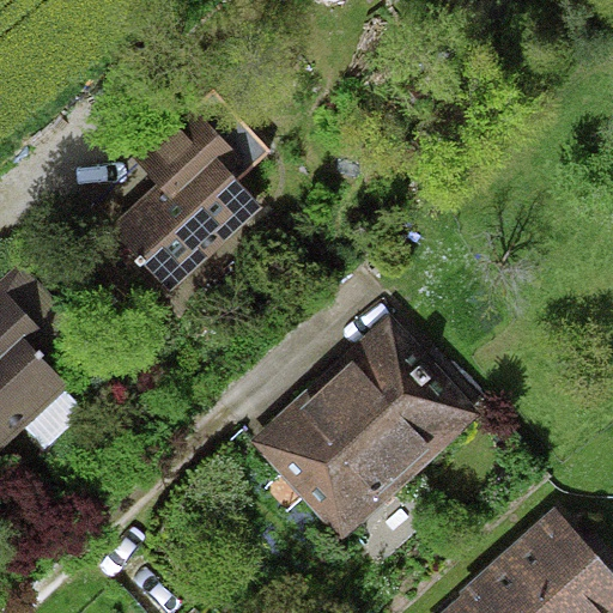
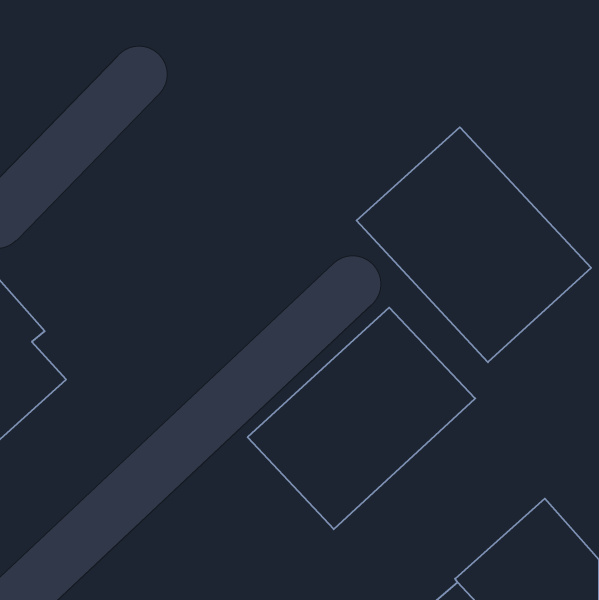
building: [110,107,261,292] -> none
building: none -> [357,127,591,362]

